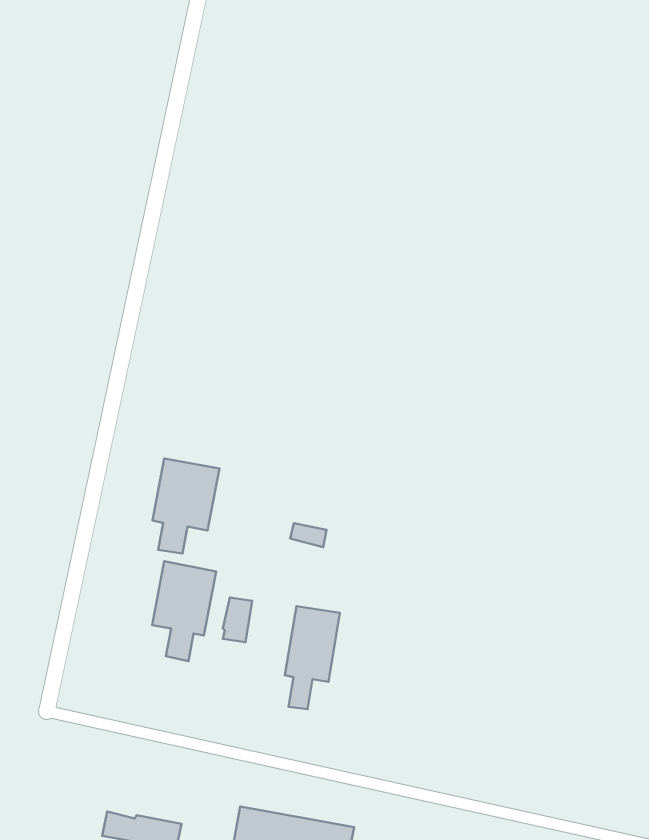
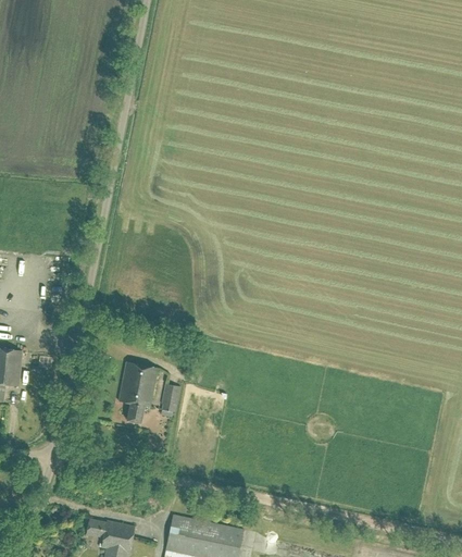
building: [152,458,219,553] -> none
building: [285,606,340,709] -> none

